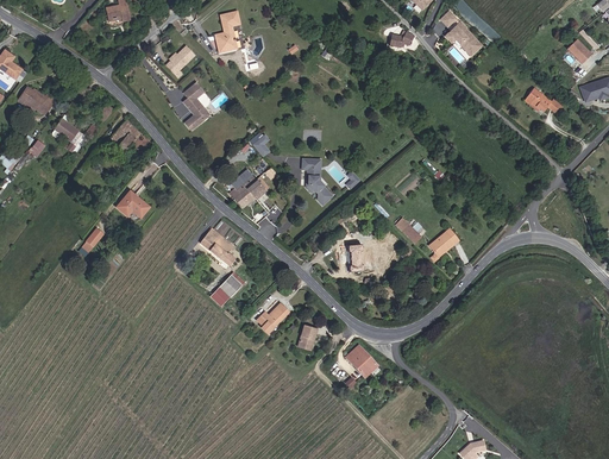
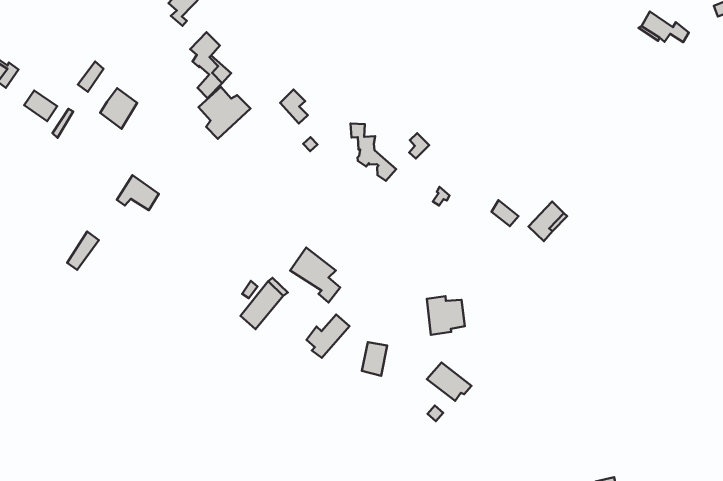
building: [231,169,270,208] -> [199,87,251,139]
building: [200,227,237,270] -> [290,247,340,302]
building: [347,244,375,272] -> [427,296,465,335]

